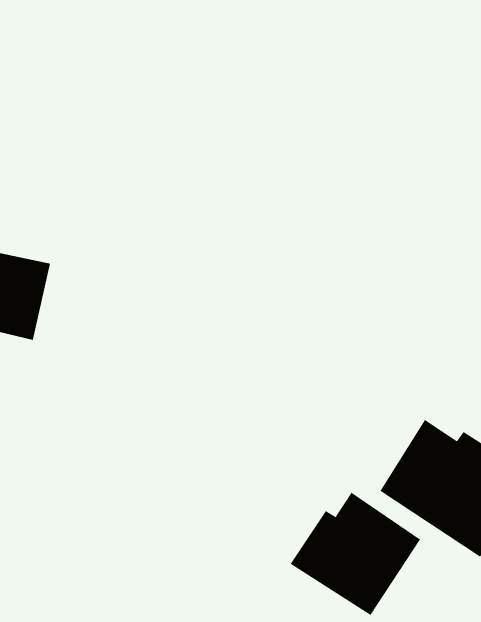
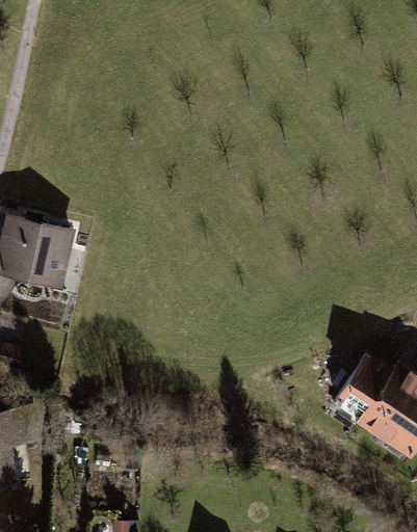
building: [290,492,421,616] -> none

